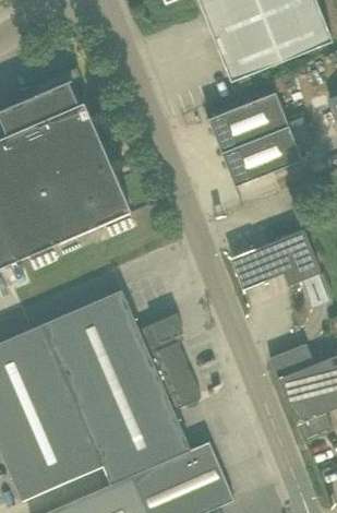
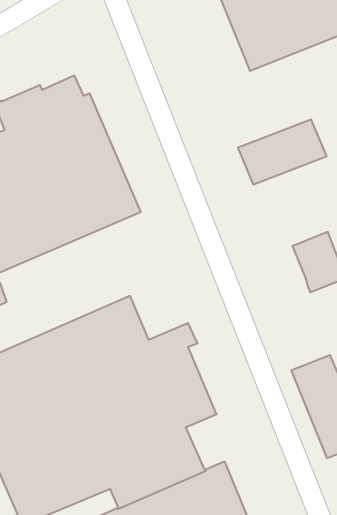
building: [207,91,288,152] -> none
building: [234,248,285,295] -> none

